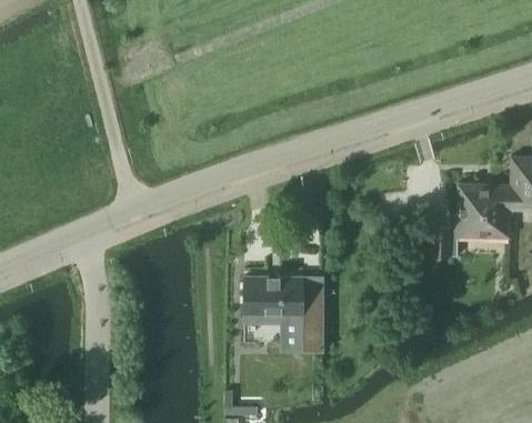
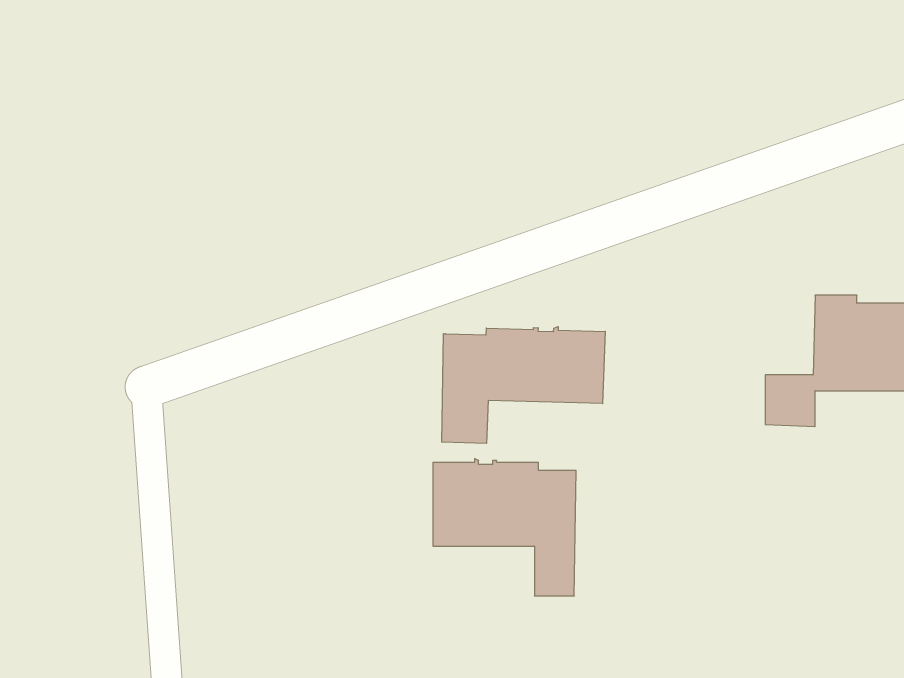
building: none -> [442,327,605,443]

